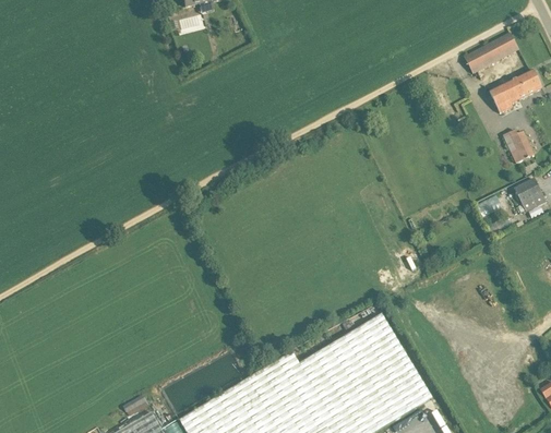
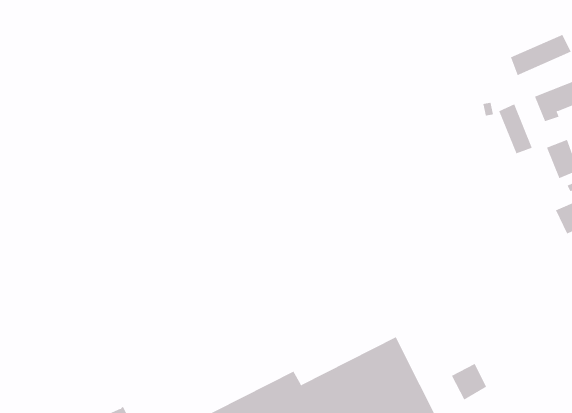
building: none -> [498,104,532,154]
building: none -> [451,363,487,400]

